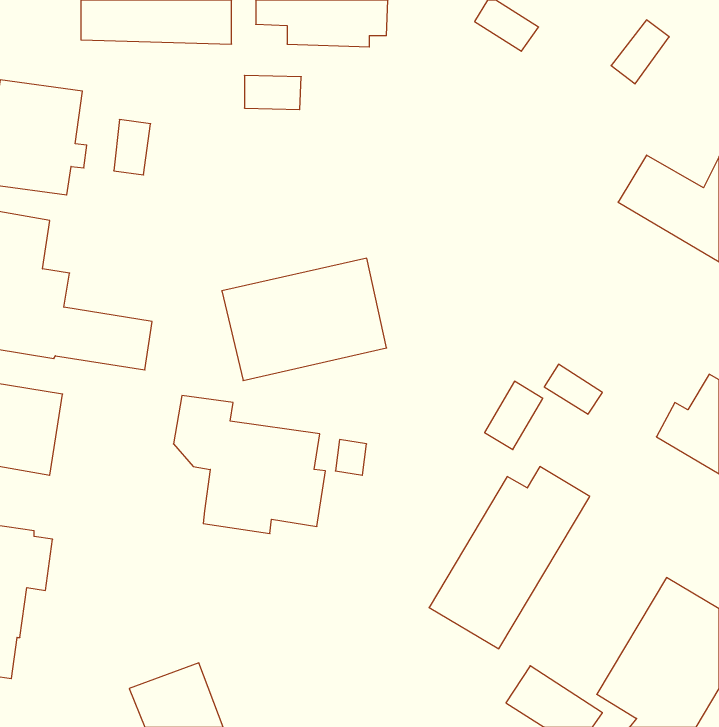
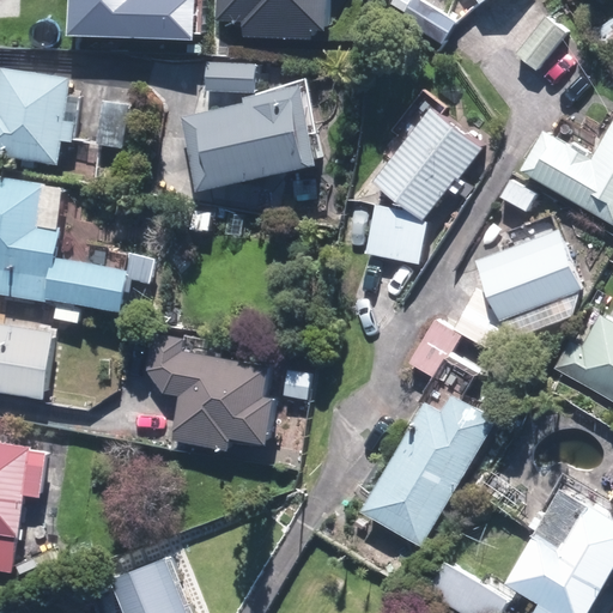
building: none -> [363,107,481,262]
building: [222,258,387,381] -> [178,89,317,192]
building: none -> [480,231,577,320]

